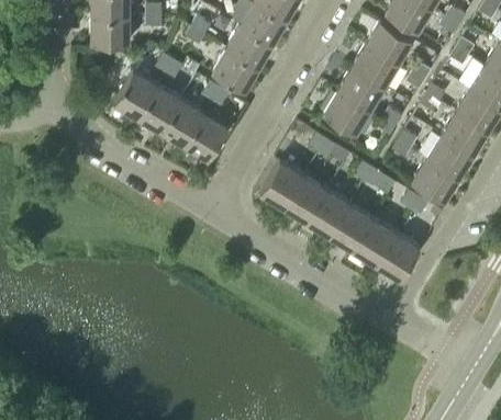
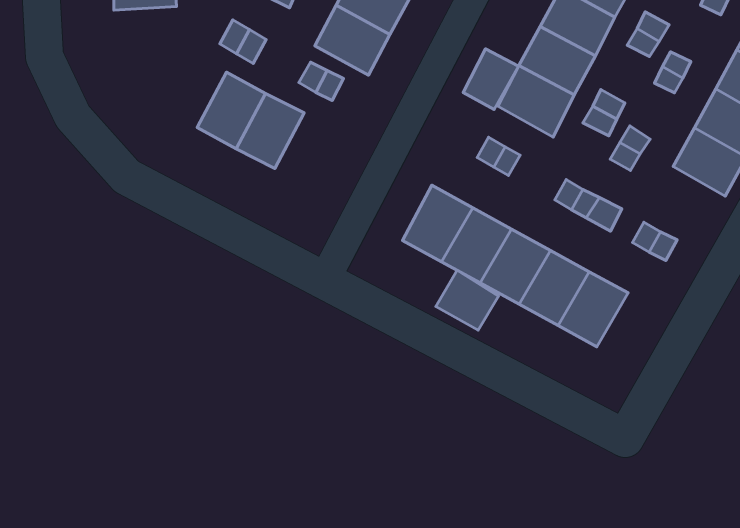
building: [113,69,157,116] -> none
building: none -> [463,49,518,109]
building: [183,111,227,158] -> none
building: [412,156,458,200] -> none
building: none -> [436,270,499,330]
building: [375,231,420,279] -> none

